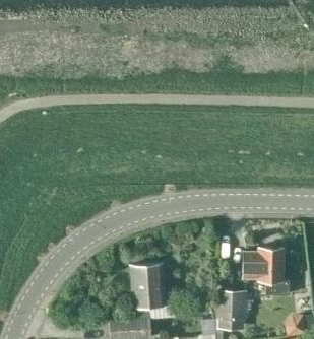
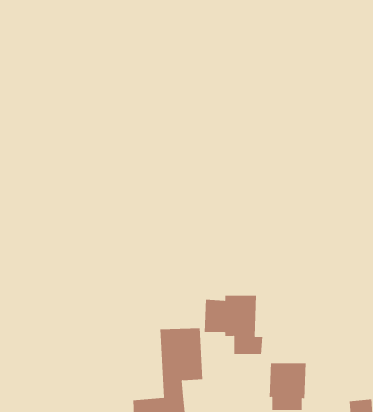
building: [243,248,290,294] -> [204,295,263,354]

